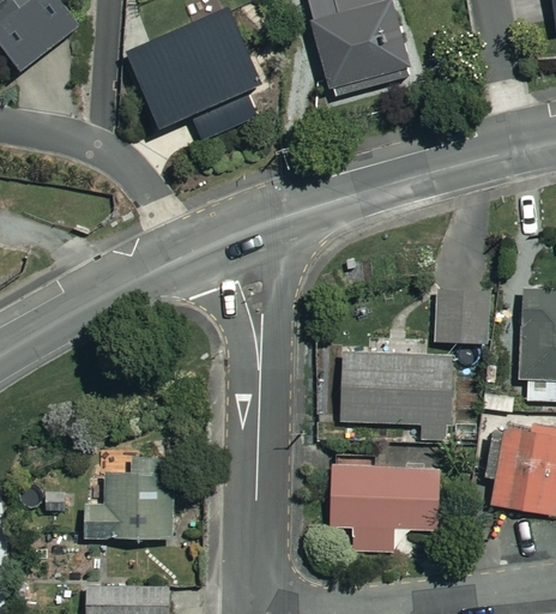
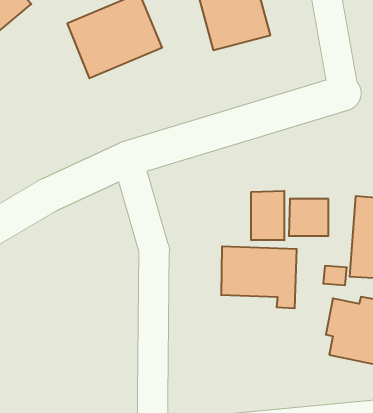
building: none -> [251,191,284,240]
building: [332,453,440,549] -> none
building: [86,459,174,540] -> none

